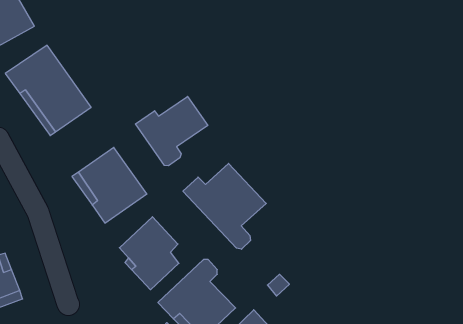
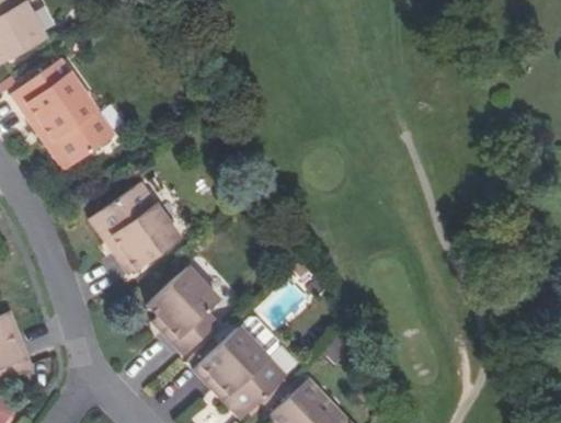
building: [135,96,208,166] -> none
building: [183,163,266,249] -> none

